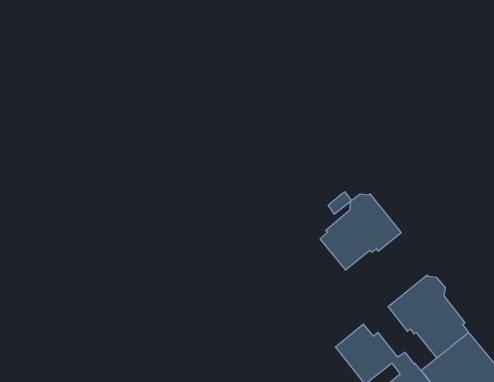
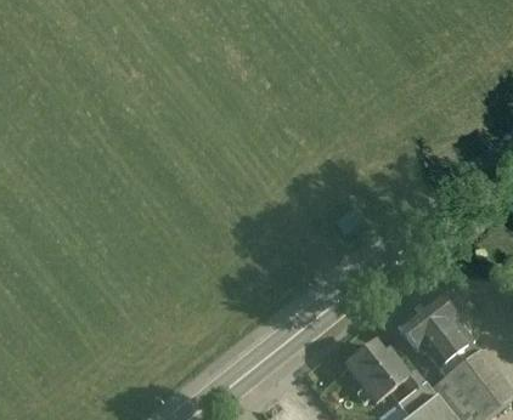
building: [320,194,401,270] -> none

